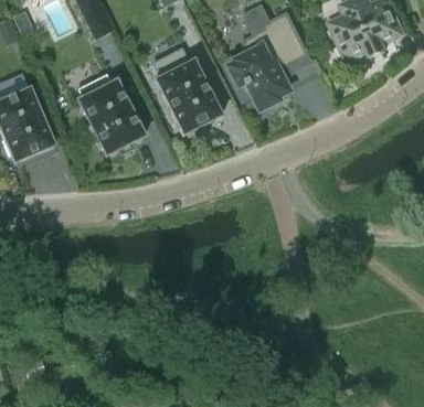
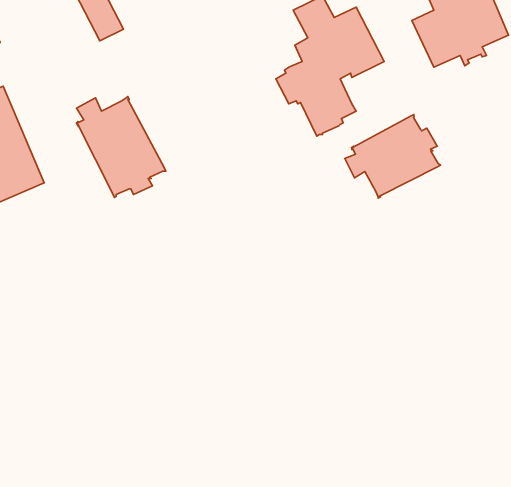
building: [151,47,222,135] -> none
building: none -> [345,115,440,198]

